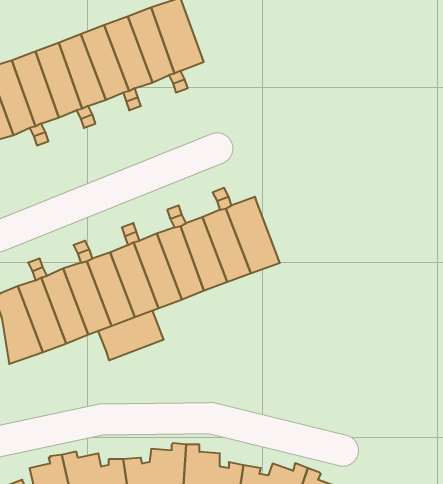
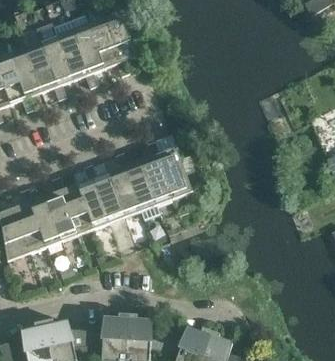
building: [98,311,163,360] -> none

